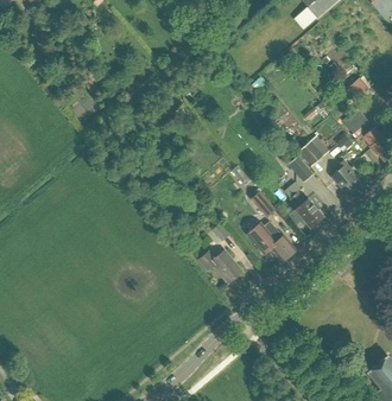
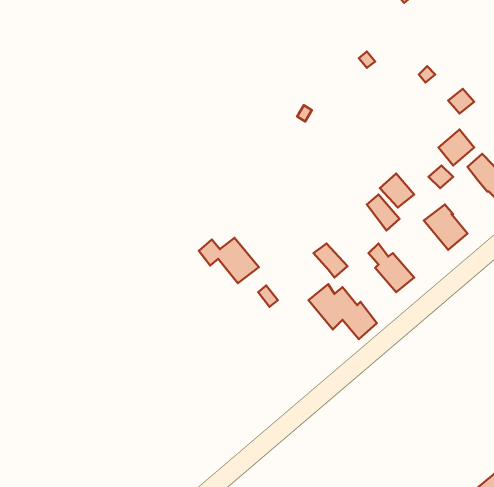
building: [198,250,242,284] -> [199,238,259,283]

